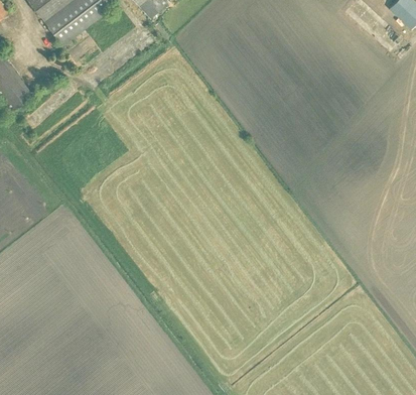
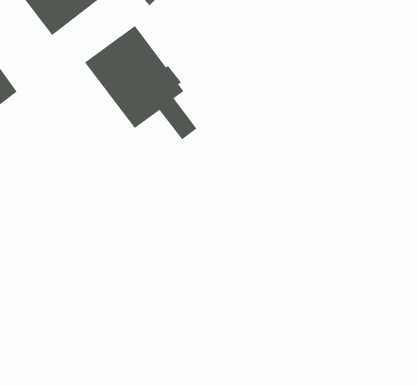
building: none -> [84,25,197,140]

